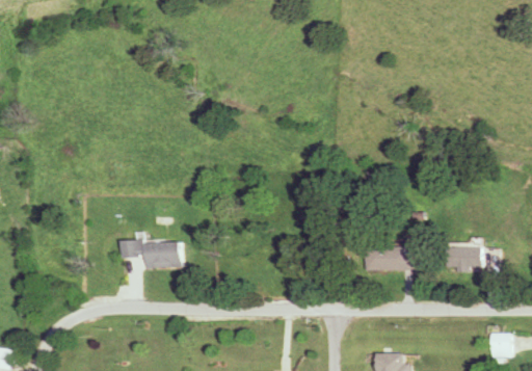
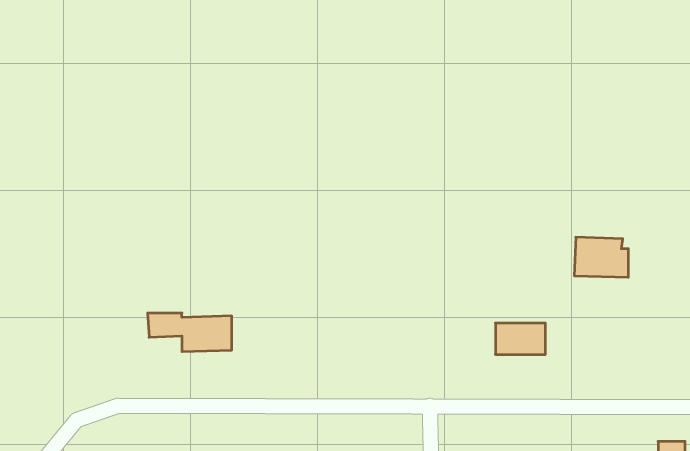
building: [445,241,484,270] -> [574,237,628,277]

